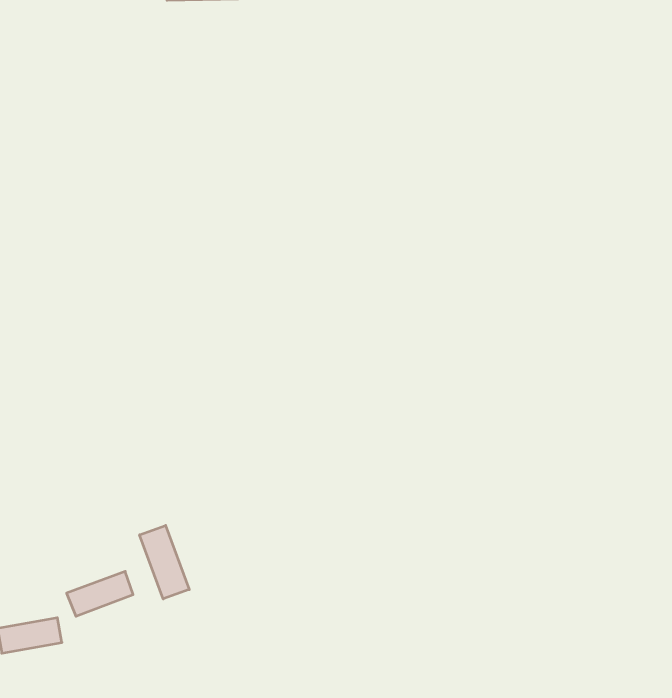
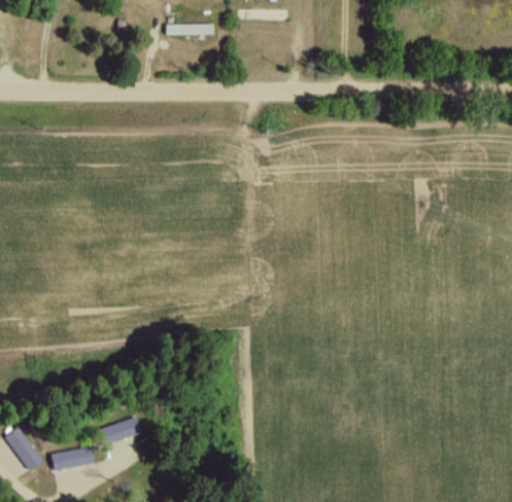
building: [140,525,189,599] -> none

